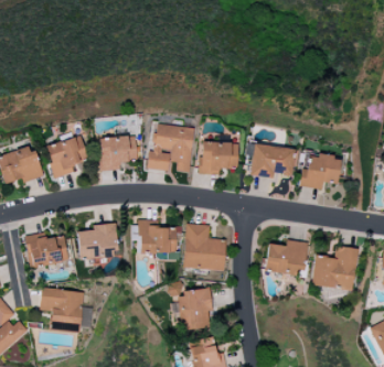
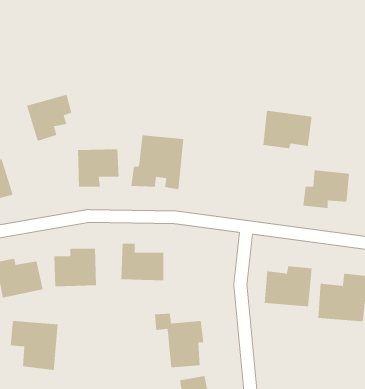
building: [45,136,86,177] -> [26,94,72,142]
building: [200,141,238,174] -> none
building: [250,143,295,177] -> [263,110,312,149]
building: [184,224,225,270] -> none

